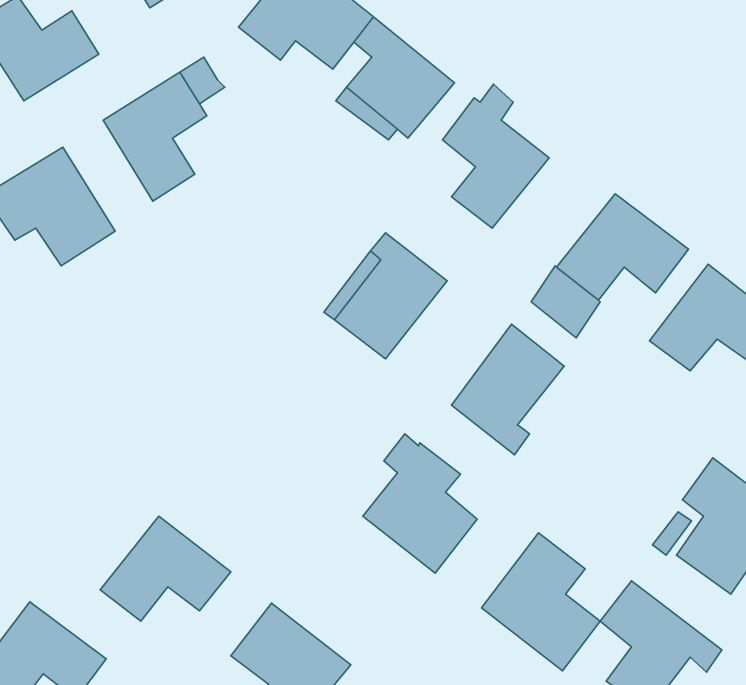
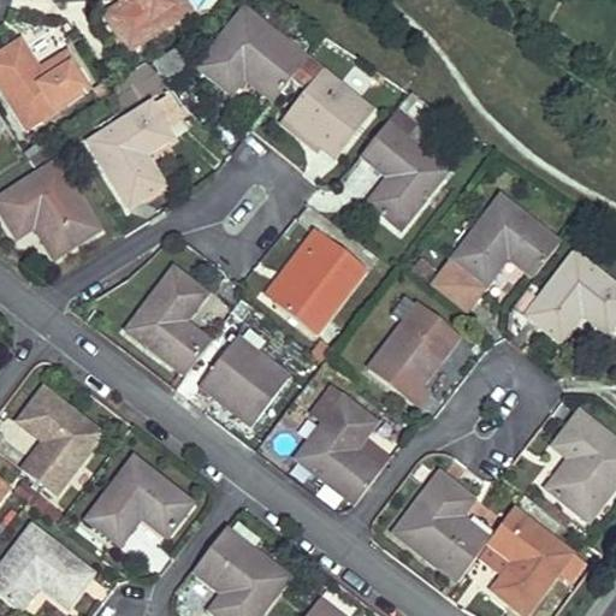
building: none -> [128,266,211,369]
building: none -> [201,334,290,424]
building: none -> [19,387,101,492]

